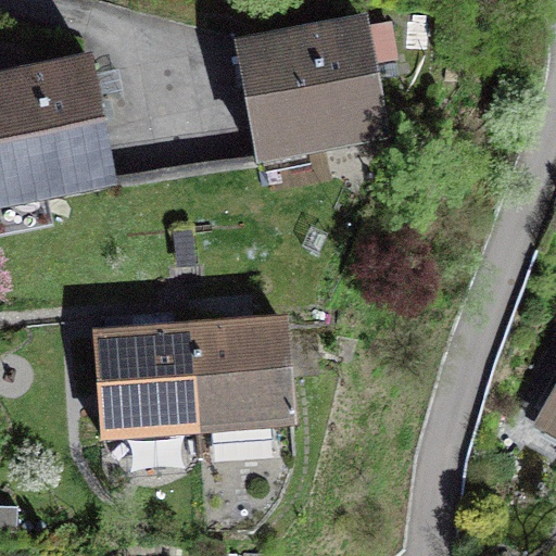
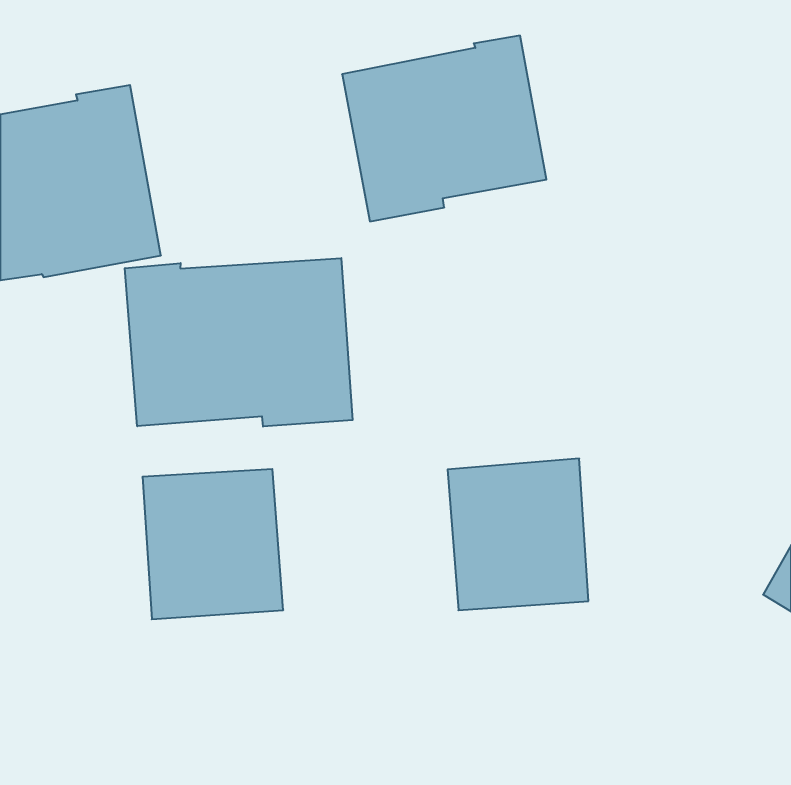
building: none -> [125,258,353,427]
building: [191,321,290,428] -> [448,459,588,610]

